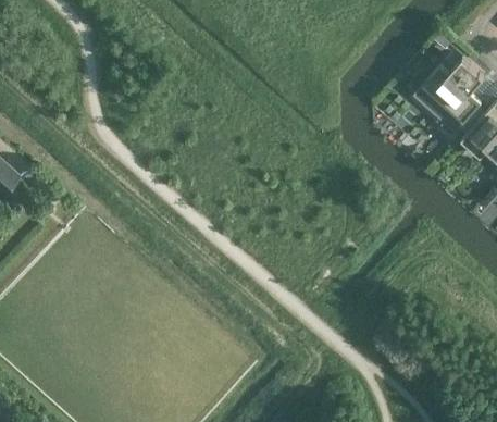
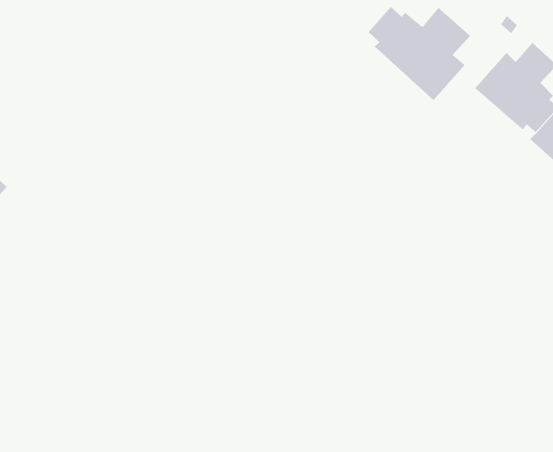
building: none -> [368,6,471,101]

